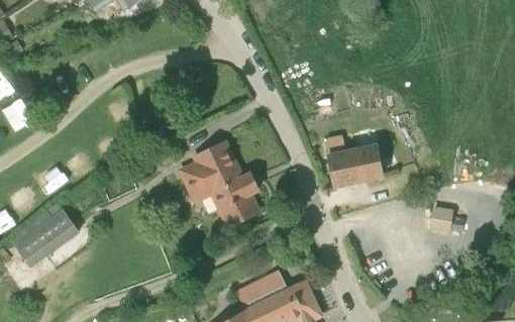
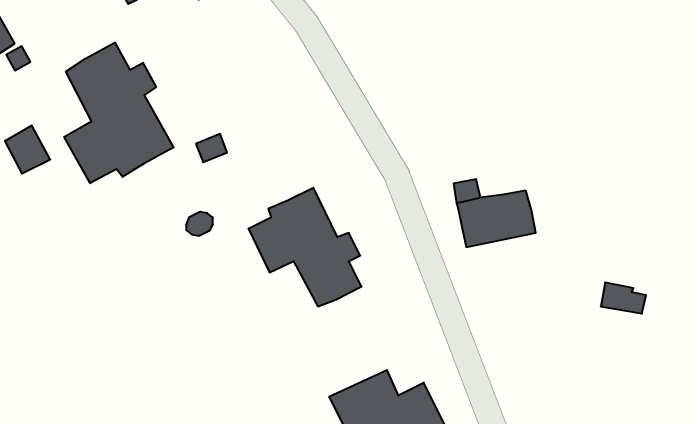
building: none -> [64,43,174,183]
building: [14,210,79,267] -> none

